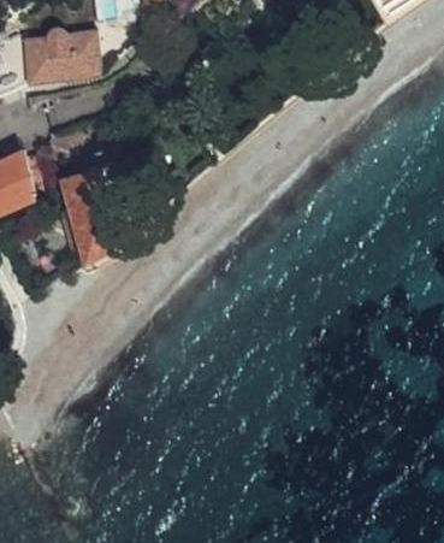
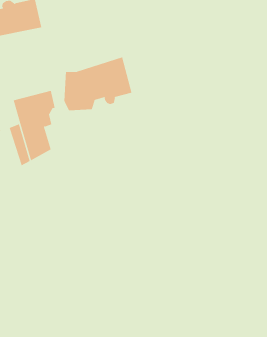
building: none -> [64,57,132,111]

